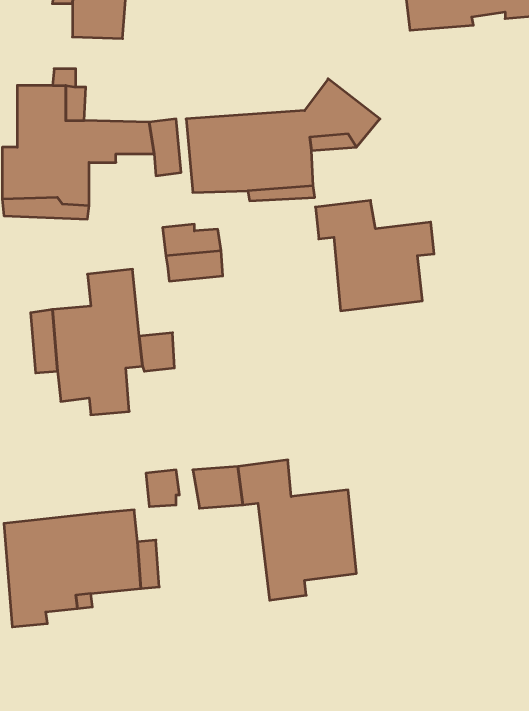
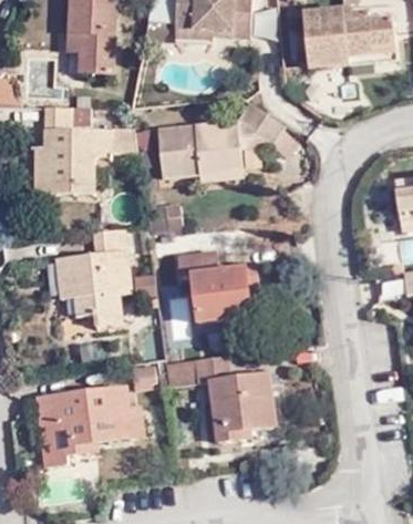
building: [315,200,434,311] -> [179,247,258,320]

